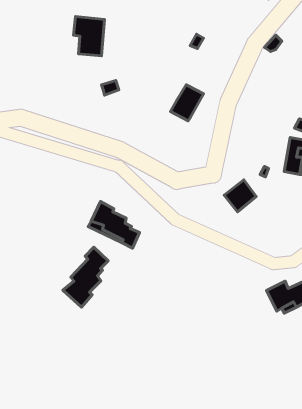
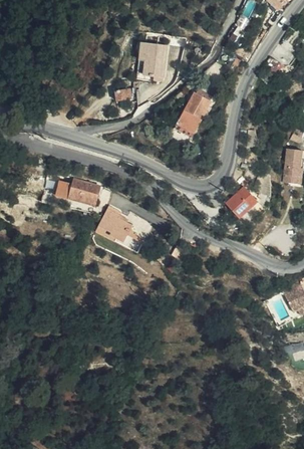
building: [73,17,104,56] -> [135,41,166,79]
building: none -> [54,179,99,202]
building: [63,247,108,307] -> none

